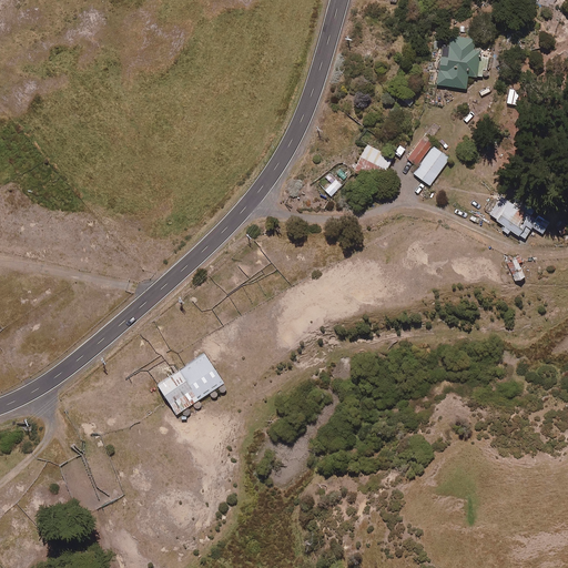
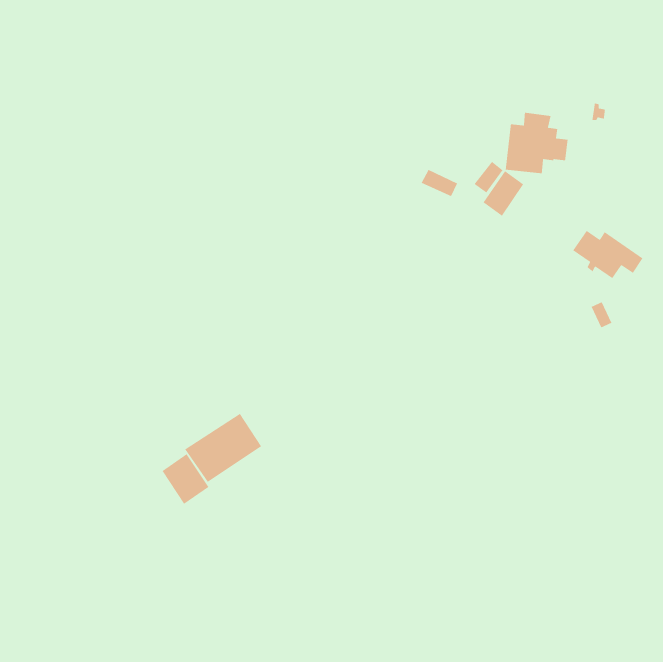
building: [434,36,488,89] -> [505,112,568,174]
building: none -> [162,453,209,505]

